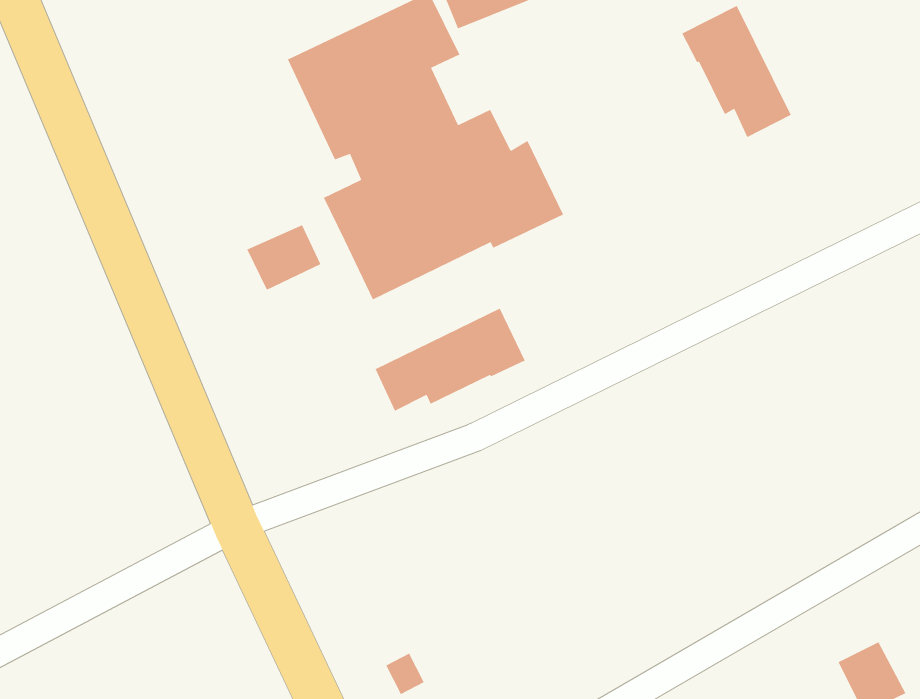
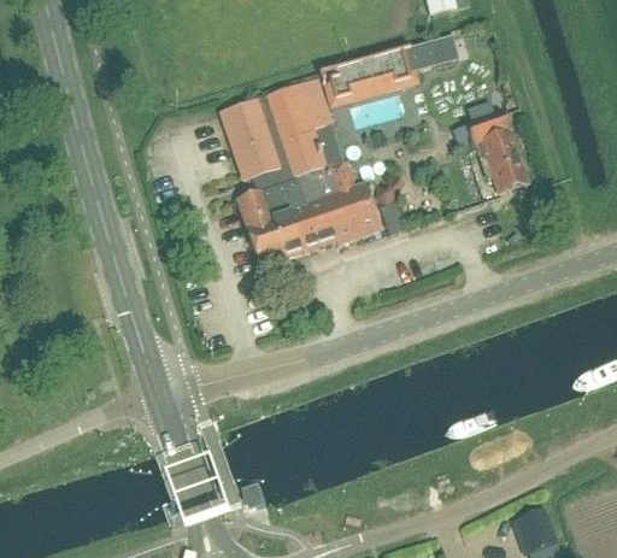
building: [246,224,322,291] -> none
building: [375,307,526,412] -> none

